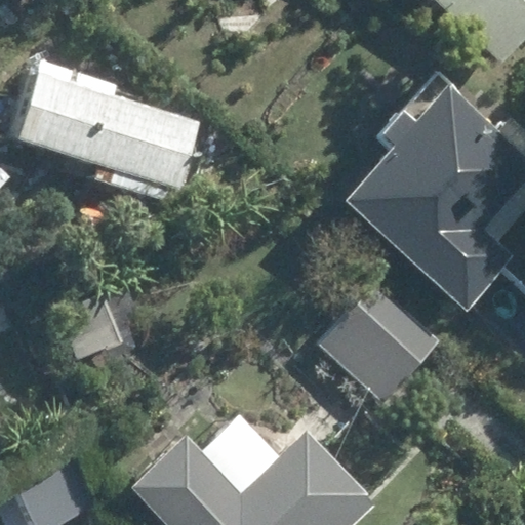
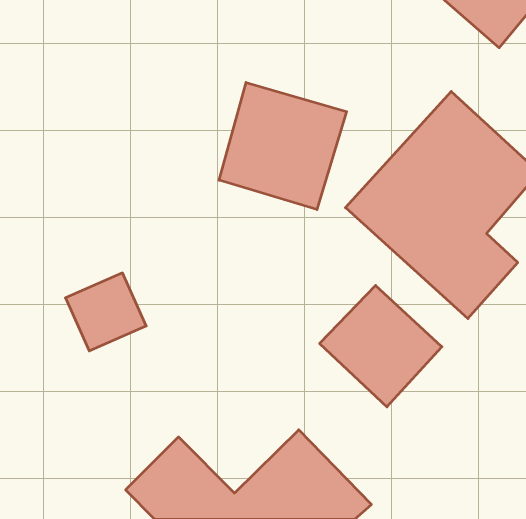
building: [21,66,201,202] -> none
building: none -> [219,82,347,210]

